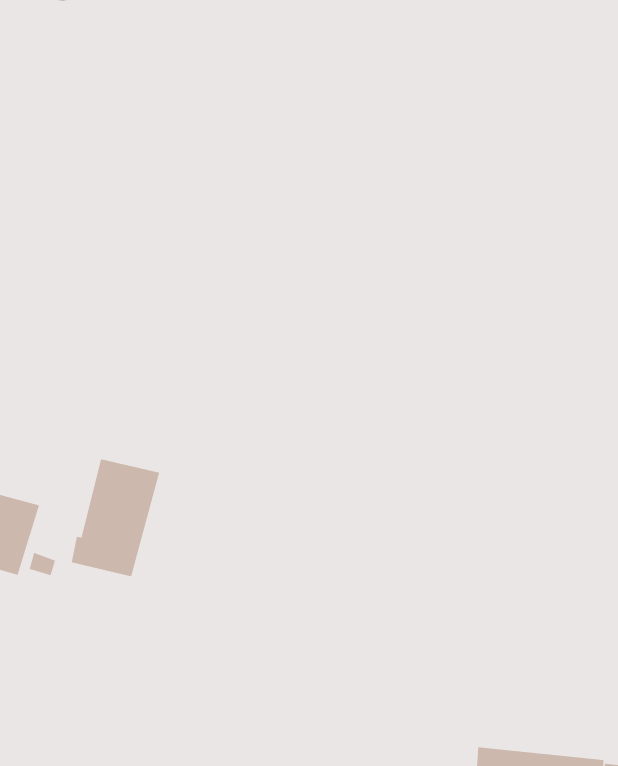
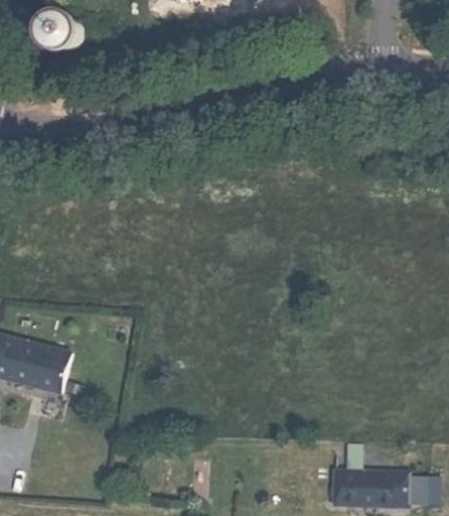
building: [71,459,160,577] -> none

